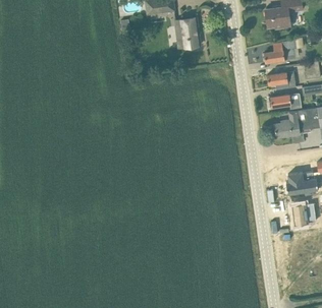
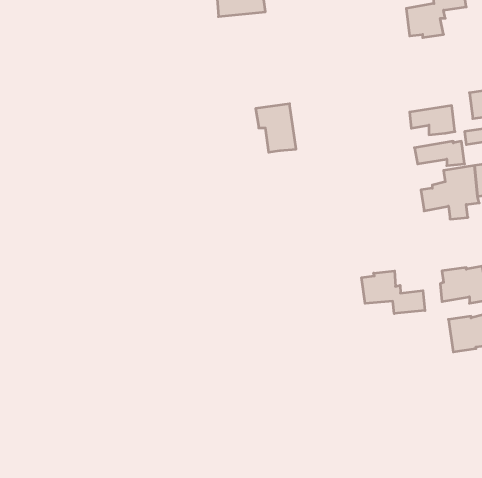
building: [174,16,200,47] -> [256,104,296,152]
building: [264,39,297,62] -> none
building: none -> [362,271,425,314]

